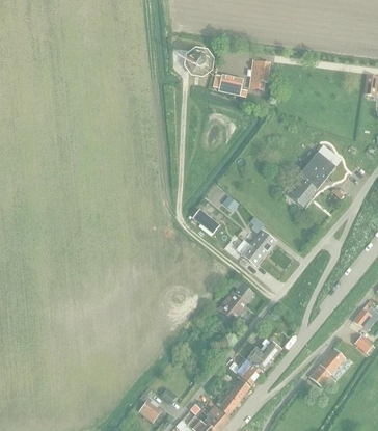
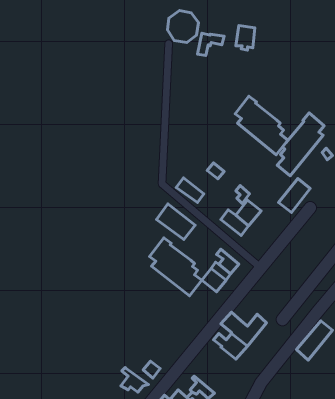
building: none -> [235,96,288,155]
building: none -> [278,178,310,212]
building: none -> [157,204,195,240]
building: none -> [150,238,202,296]
building: [215,380,248,415] -> none

